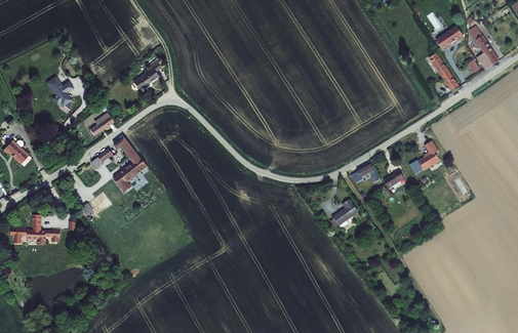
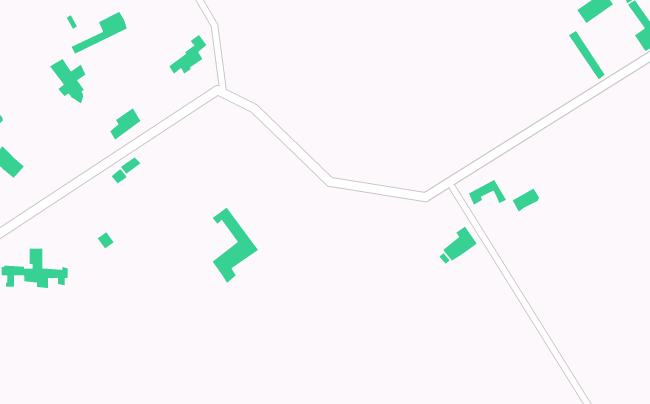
building: none -> [70,11,128,55]
building: [115,134,150,191] -> [212,207,259,284]
building: [410,139,442,173] -> none

